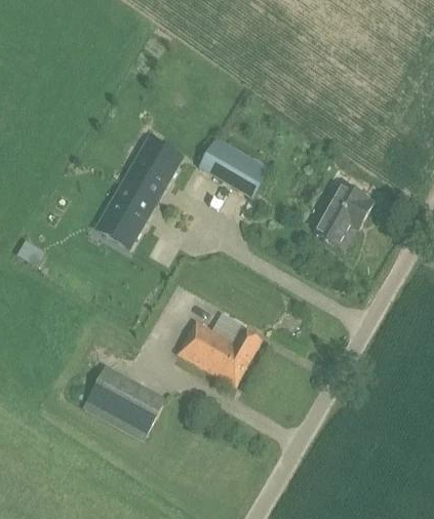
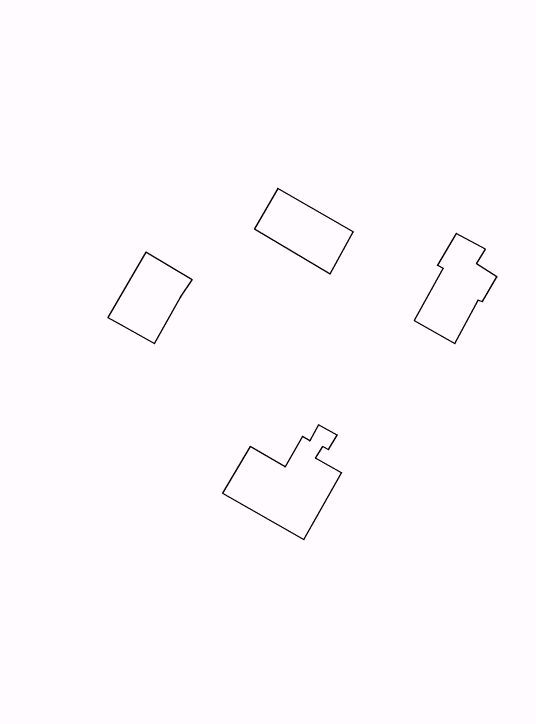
building: [123,136,183,202] -> none
building: [82,365,166,440] -> none

